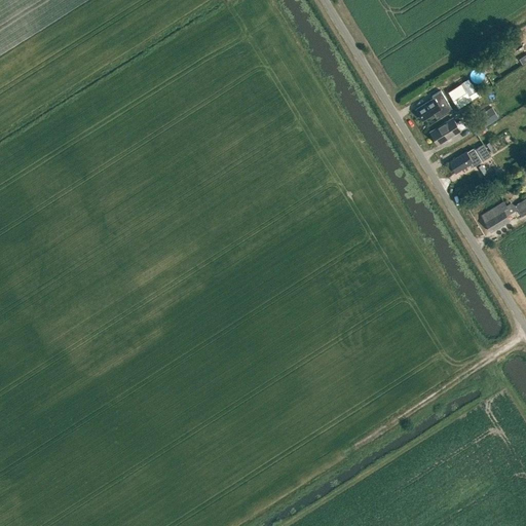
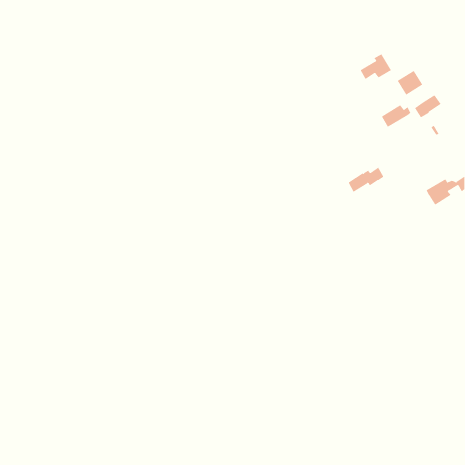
building: [416,90,452,120] -> [360,54,392,80]
building: [449,145,490,174] -> [348,167,384,192]

